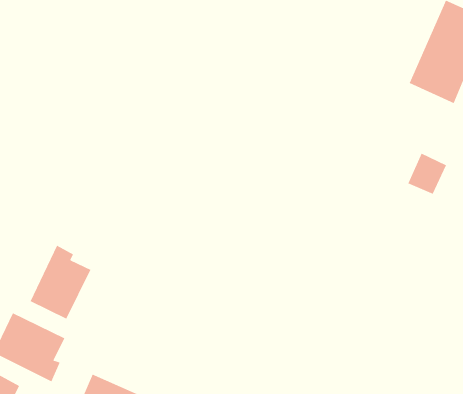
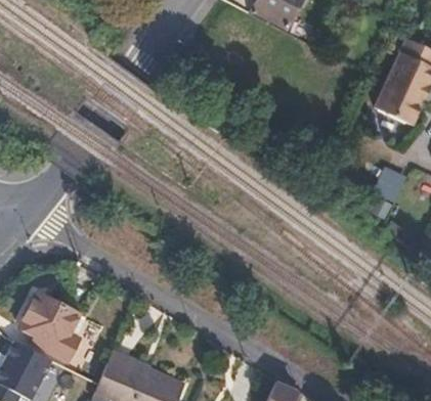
building: [30,245,91,320] -> none

